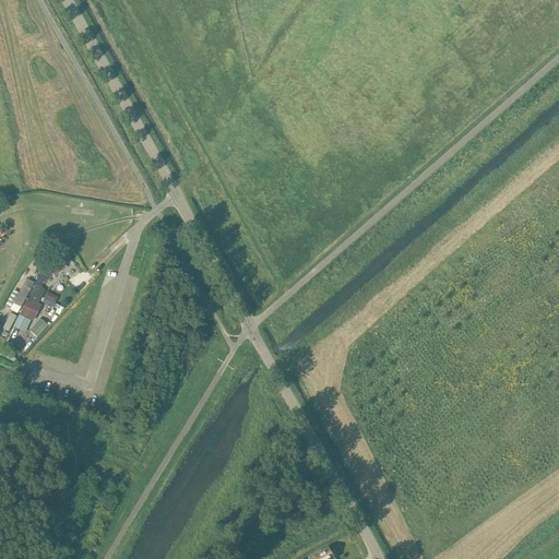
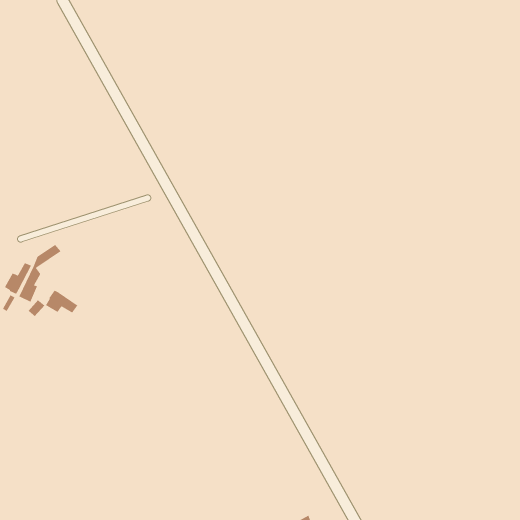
building: none -> [45,290,78,313]

